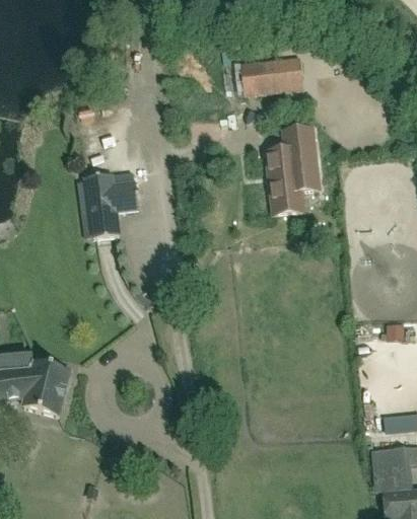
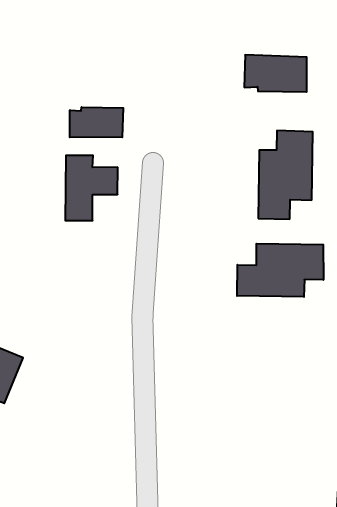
building: none -> [70,107,123,137]
building: none -> [237,244,323,297]

